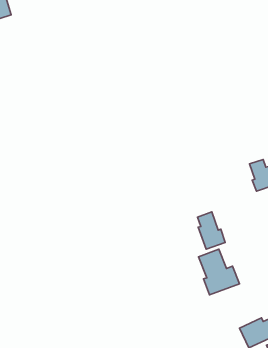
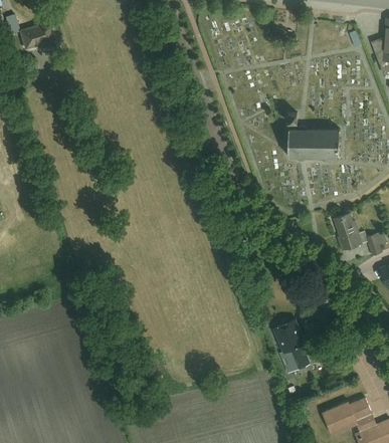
building: none -> [290,130,339,155]
building: [198,212,225,249] -> none

